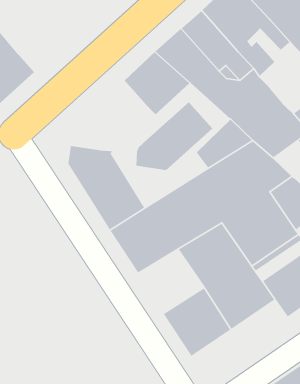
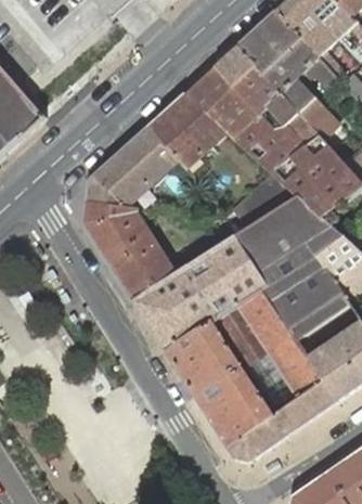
building: [135,101,213,171] -> [88,127,178,207]
building: none -> [166,322,243,397]
building: none -> [228,380,339,462]

